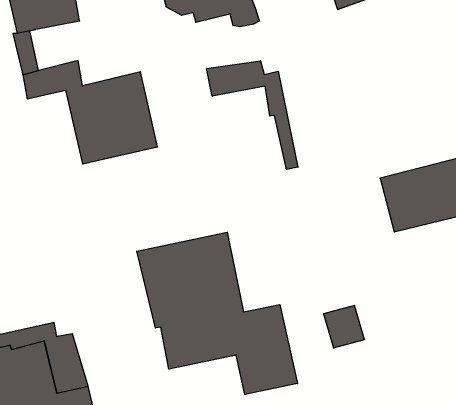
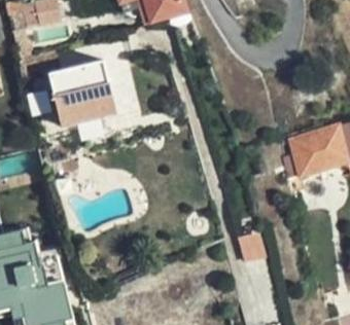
building: [207,61,298,169] -> none
building: [137,232,297,395] -> none

